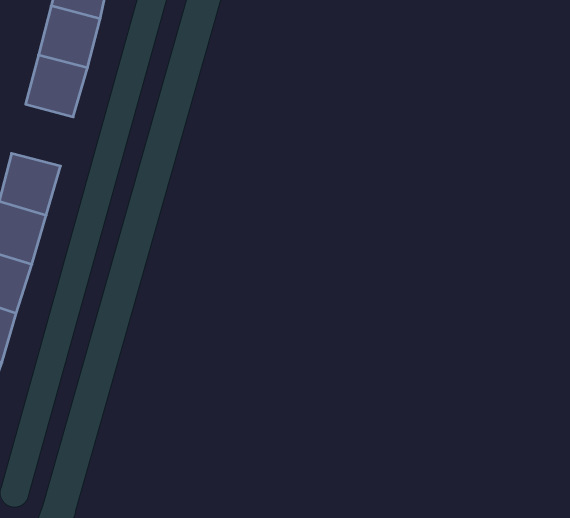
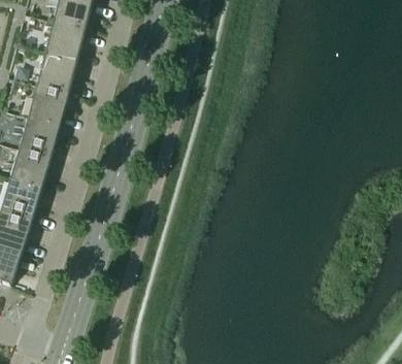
building: none -> [28,81,68,122]

